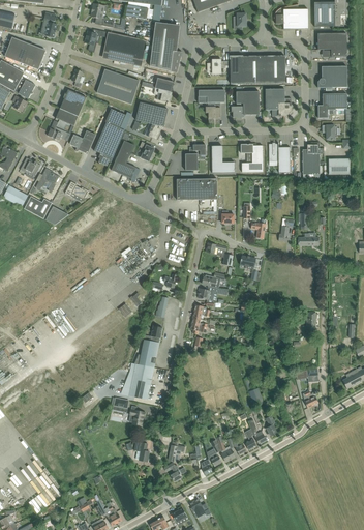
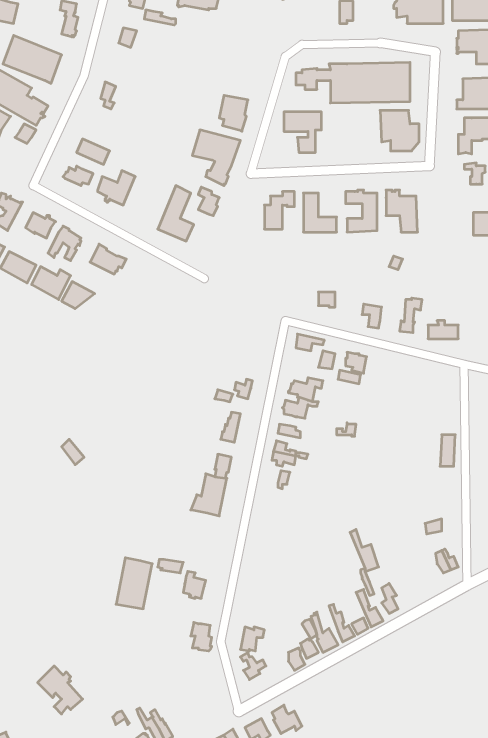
building: [150,19,183,69] -> none
building: [103,31,147,66] -> none
building: [97,68,140,104] -> none
building: [60,89,87,116] -> none
building: [232,91,260,117] -> none
building: [94,109,126,165] -> none
building: [303,143,320,174] -> none
building: [176,178,217,200] -> none
building: [129,363,154,399] -> [116,558,152,609]

